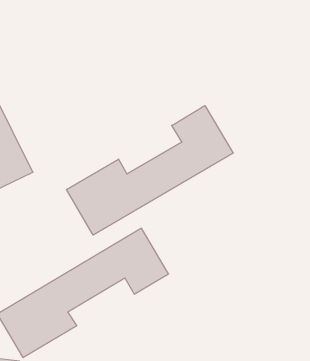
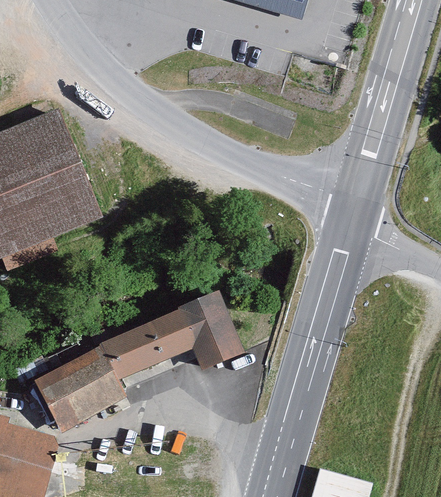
building: [67,106,233,235] -> none

